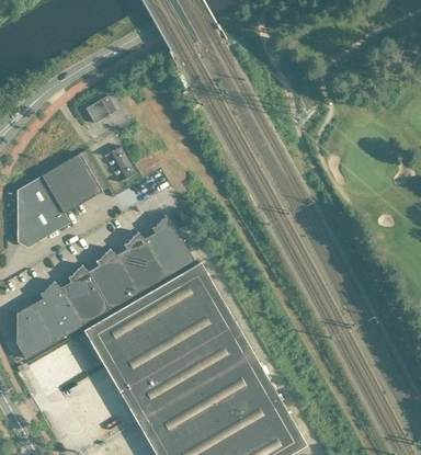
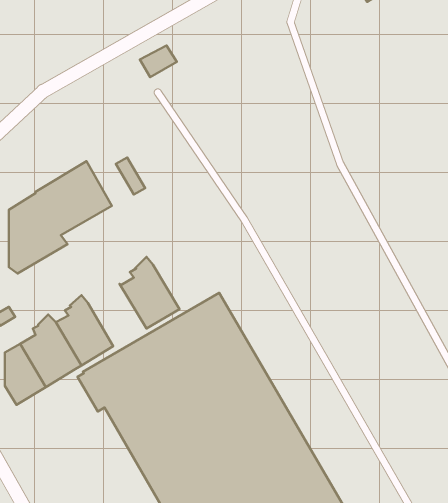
building: [86,96,117,124] -> [140,45,177,77]
building: [144,216,194,277] -> none
building: [88,249,138,309] -> none

